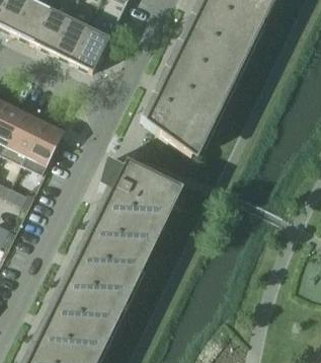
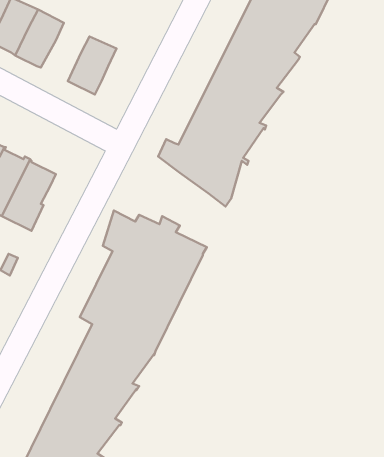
building: [54,18,90,62] -> none

